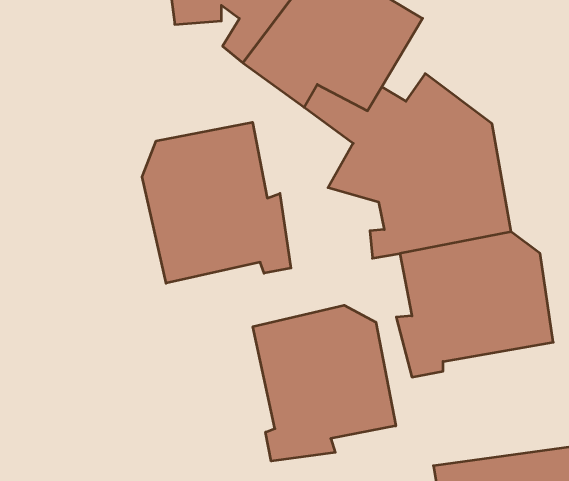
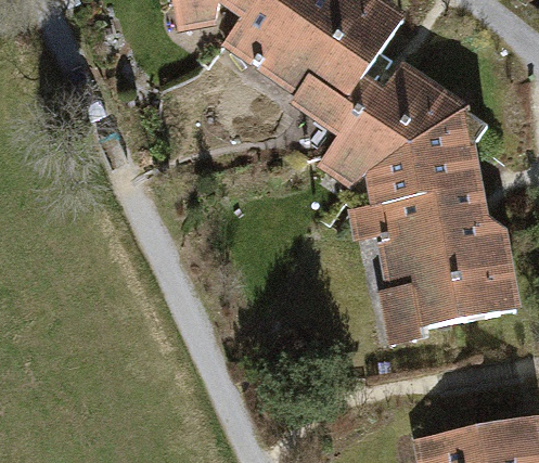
building: [142,122,291,283] -> none
building: [253,305,396,461] -> none

